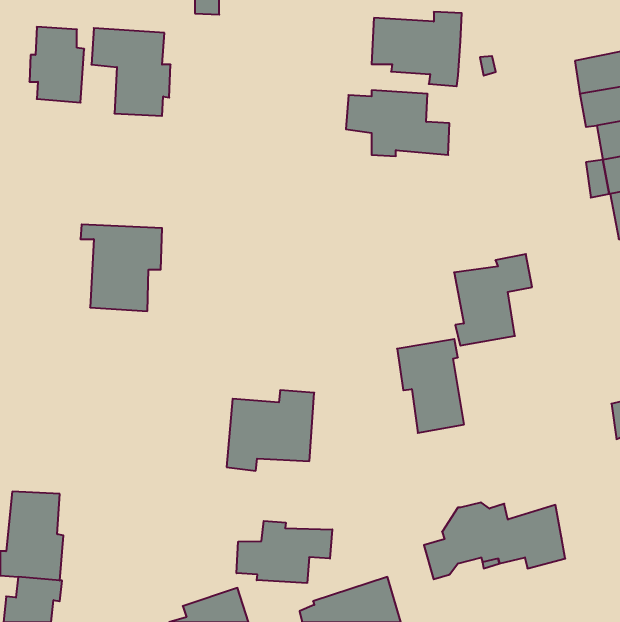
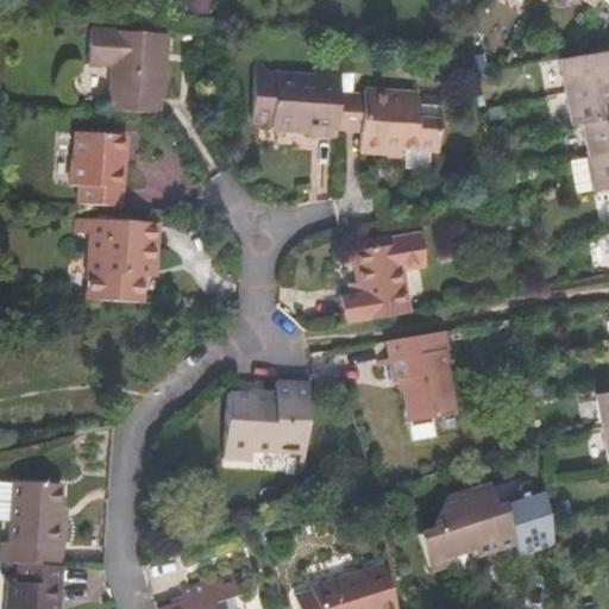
building: [372,12,462,86] -> [256,64,344,137]
building: [29,27,84,103] -> [73,132,126,206]
building: [454,254,532,346] -> [352,232,428,321]
building: [237,521,332,583] -> none

